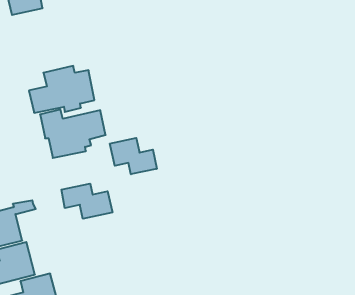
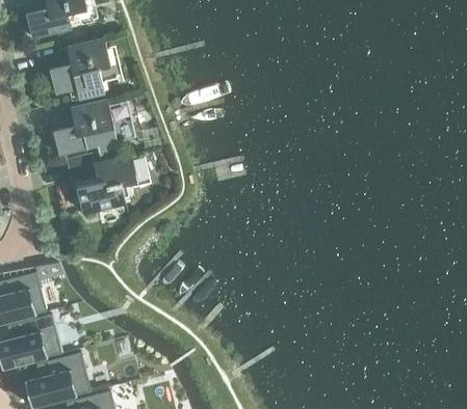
building: none -> [48,35,111,100]
building: [110,138,157,174] -> none
building: [61,184,112,219] -> none

